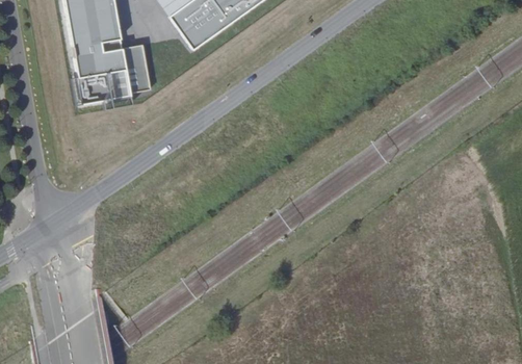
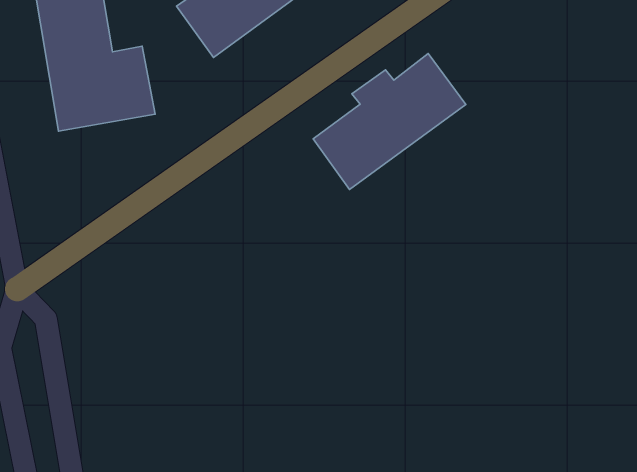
building: none -> [313,53,466,189]

